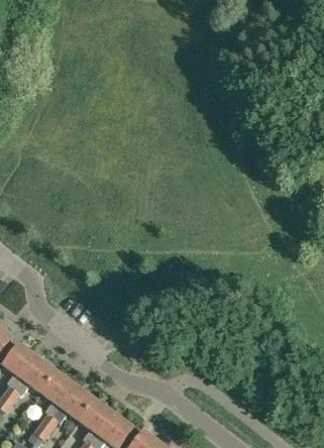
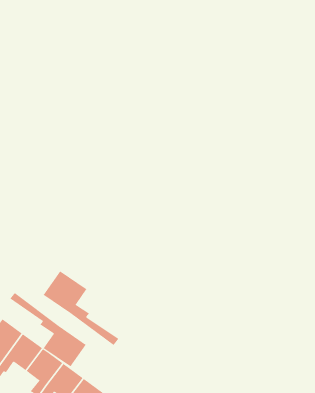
building: none -> [43,270,119,346]
building: none -> [9,292,87,367]

